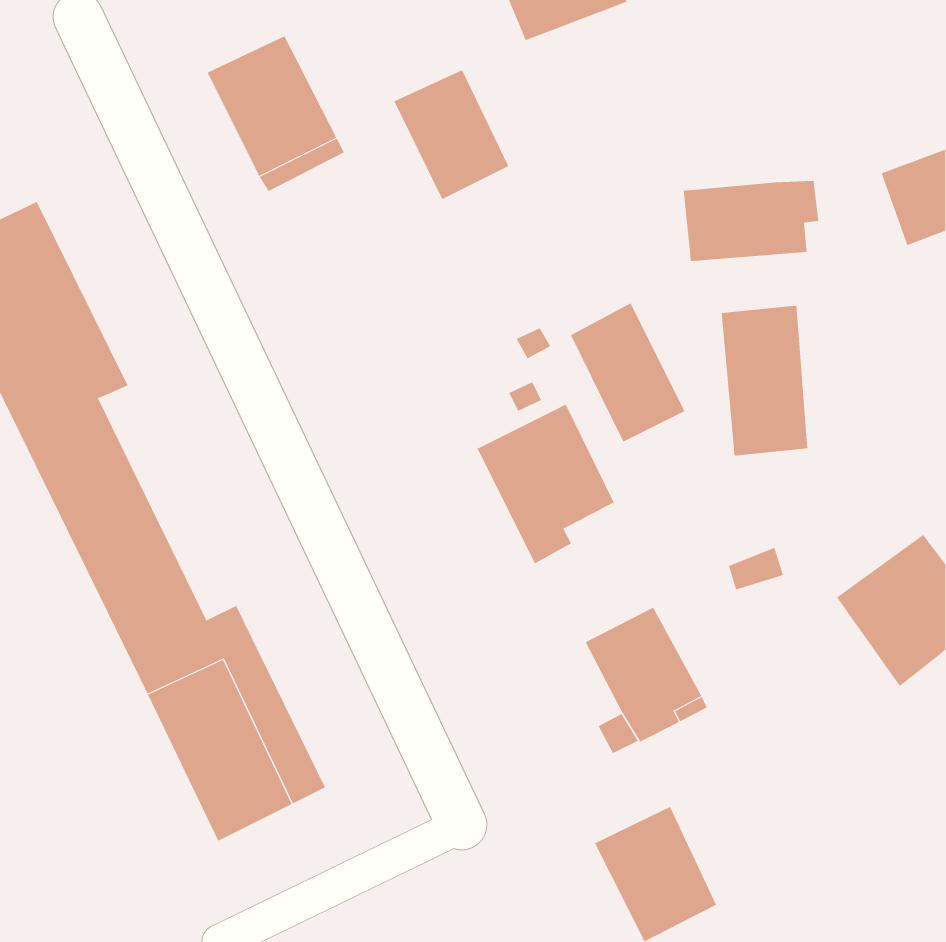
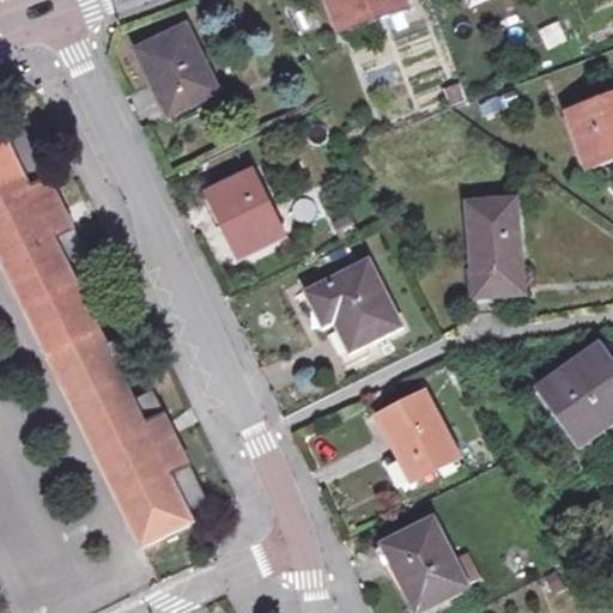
building: [394,69,509,200] -> [205,170,279,254]
building: [683,179,819,262] -> none
building: [570,303,685,442] -> none

